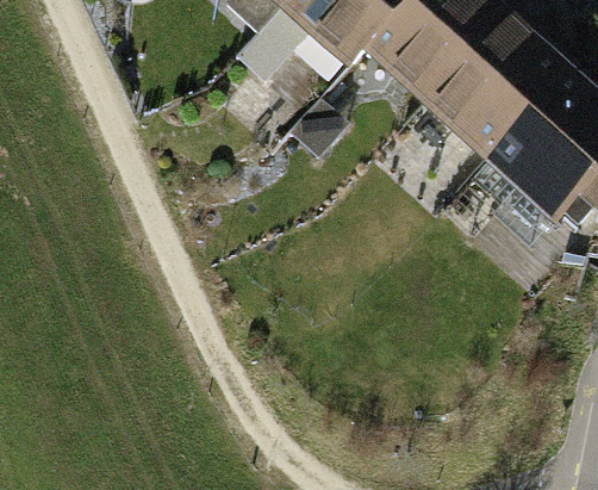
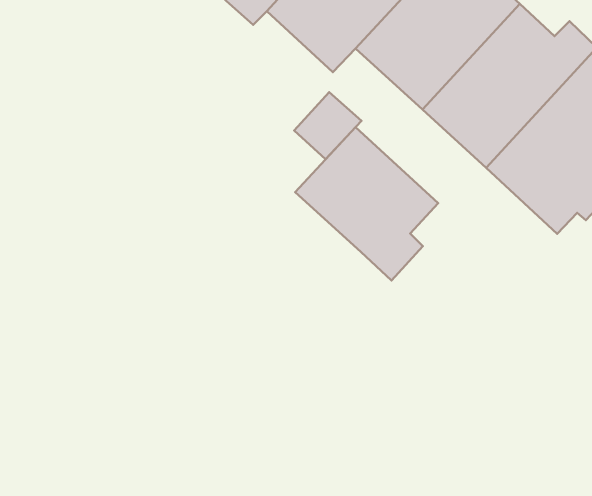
building: none -> [295,127,438,281]

